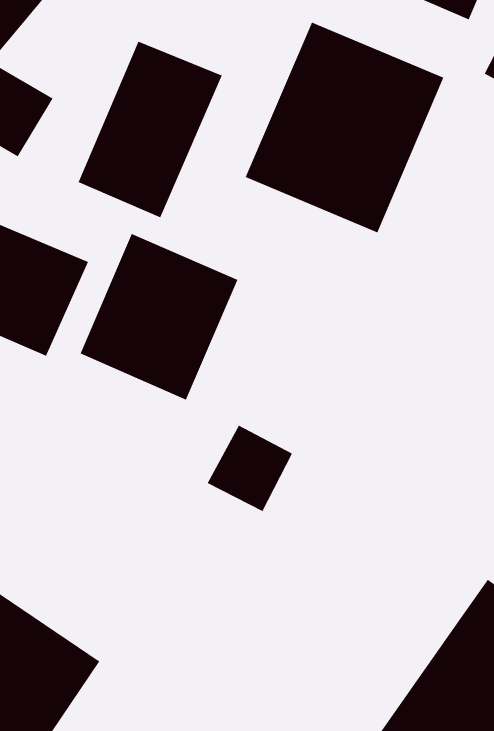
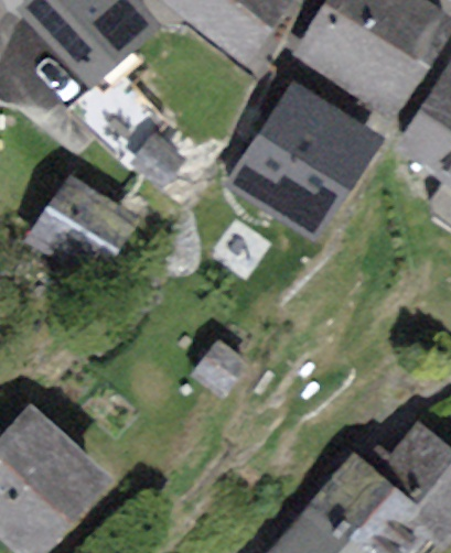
building: [78,41,222,218] -> none
building: [80,233,238,400] -> none

